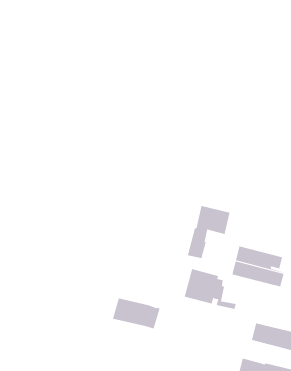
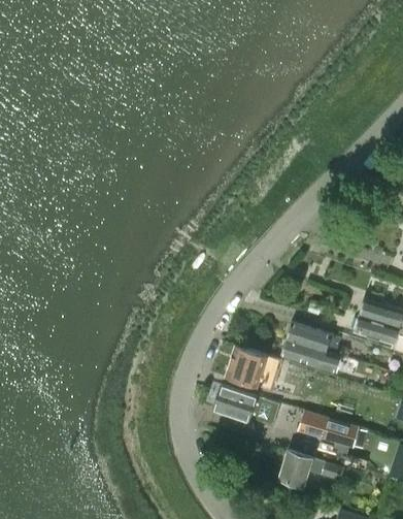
building: [187,205,230,259] -> none
building: [112,298,160,329] -> [213,386,269,424]

